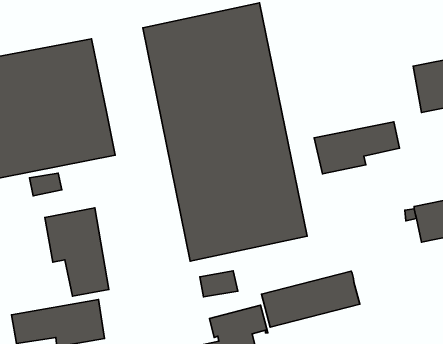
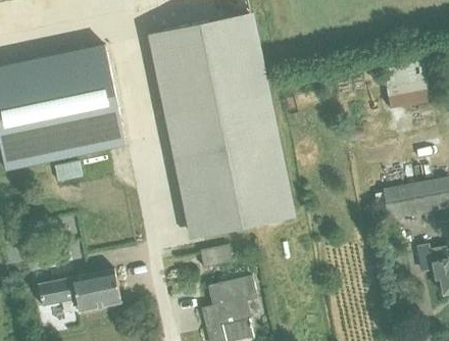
building: [314,122,399,174] -> none
building: [45,208,109,296] -> none
building: [261,271,360,327] -> none

